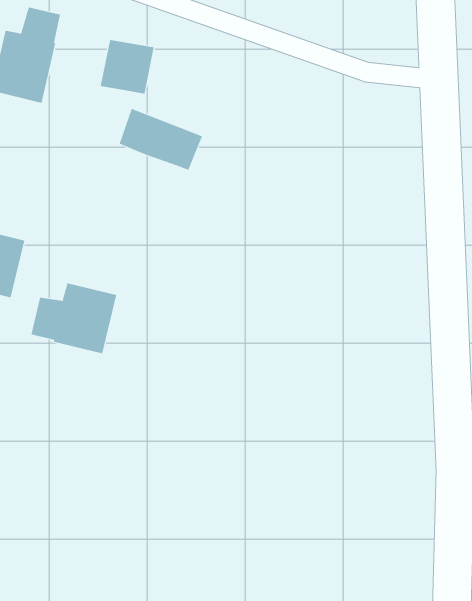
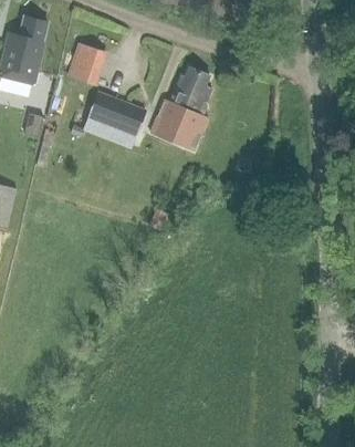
building: none -> [149,67,210,152]
building: [31,282,117,354] -> none

